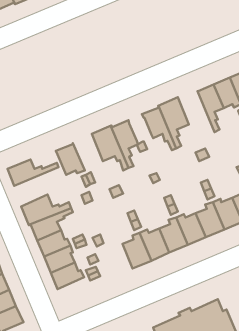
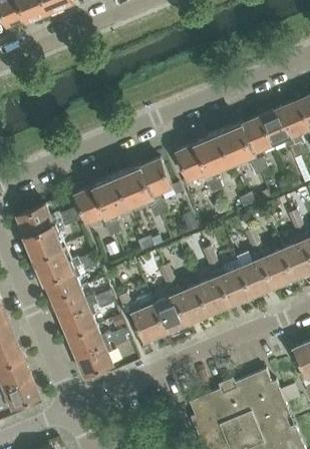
building: none -> [219,122,262,174]
building: none -> [94,174,130,215]
building: none -> [24,213,80,260]
building: none -> [130,304,166,342]
building: none -> [77,343,113,376]

